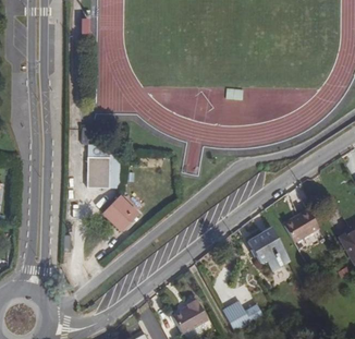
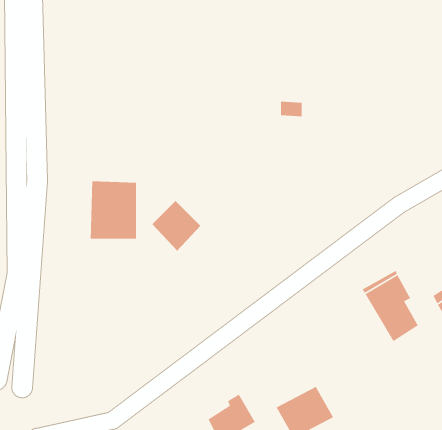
building: [103,195,139,232] -> [151,200,201,251]
building: [248,230,285,266] -> none

